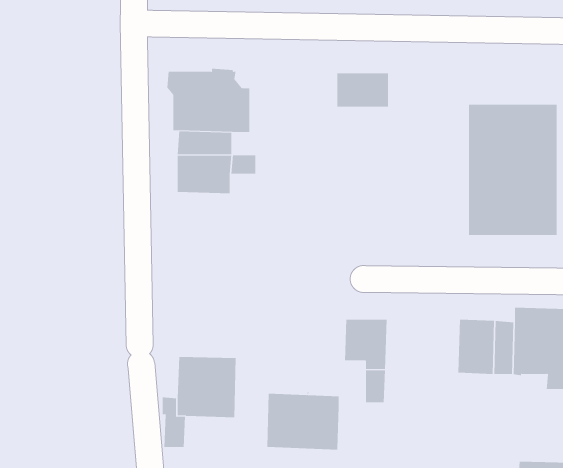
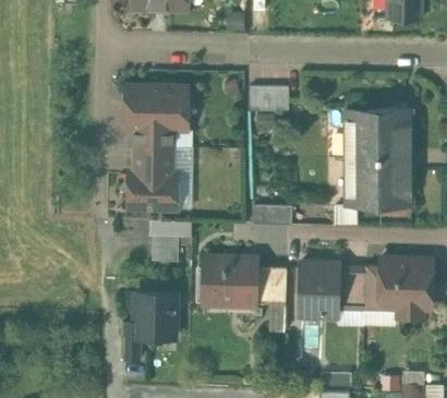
building: none -> [130,174,178,208]
building: none -> [254,206,293,226]
building: none -> [153,236,180,262]
building: none -> [300,263,340,316]
building: [267,392,340,450] -> [204,256,257,299]

